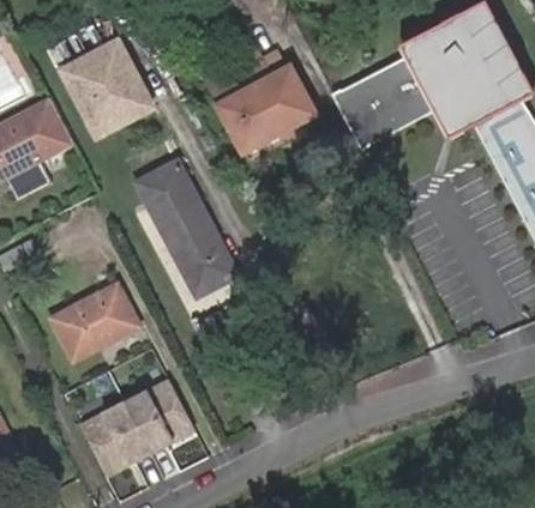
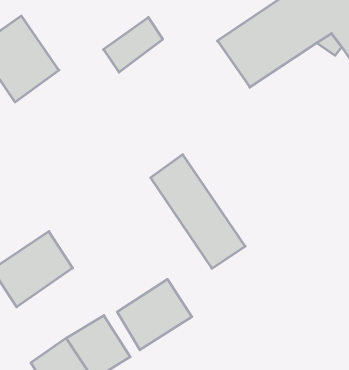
building: [220,72,315,158] -> none
building: [136,157,233,289] -> [151,155,245,268]
building: none -> [117,279,192,350]

